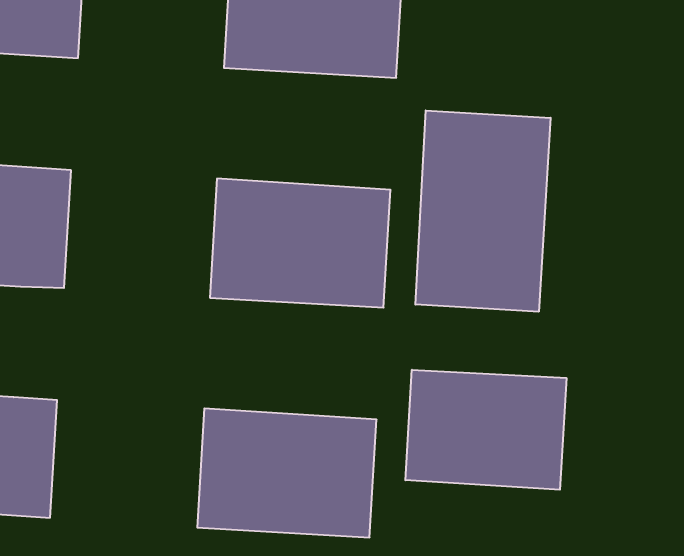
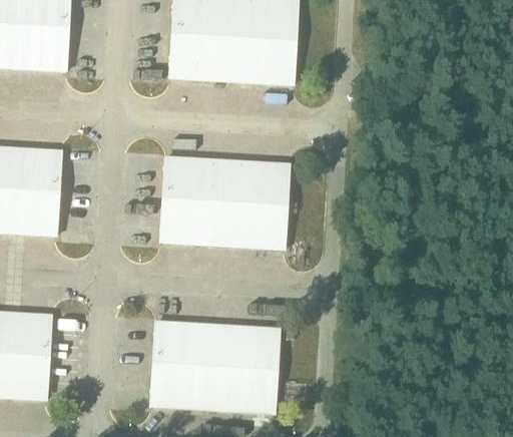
building: [415,110,551,312] -> none
building: [405,370,566,490] -> none

